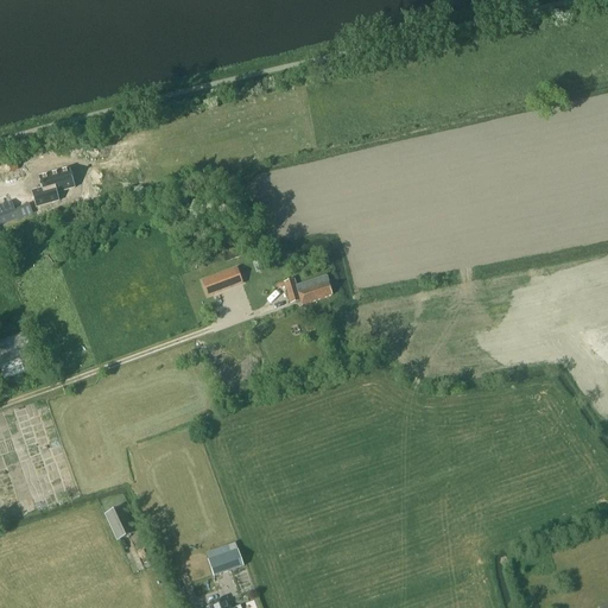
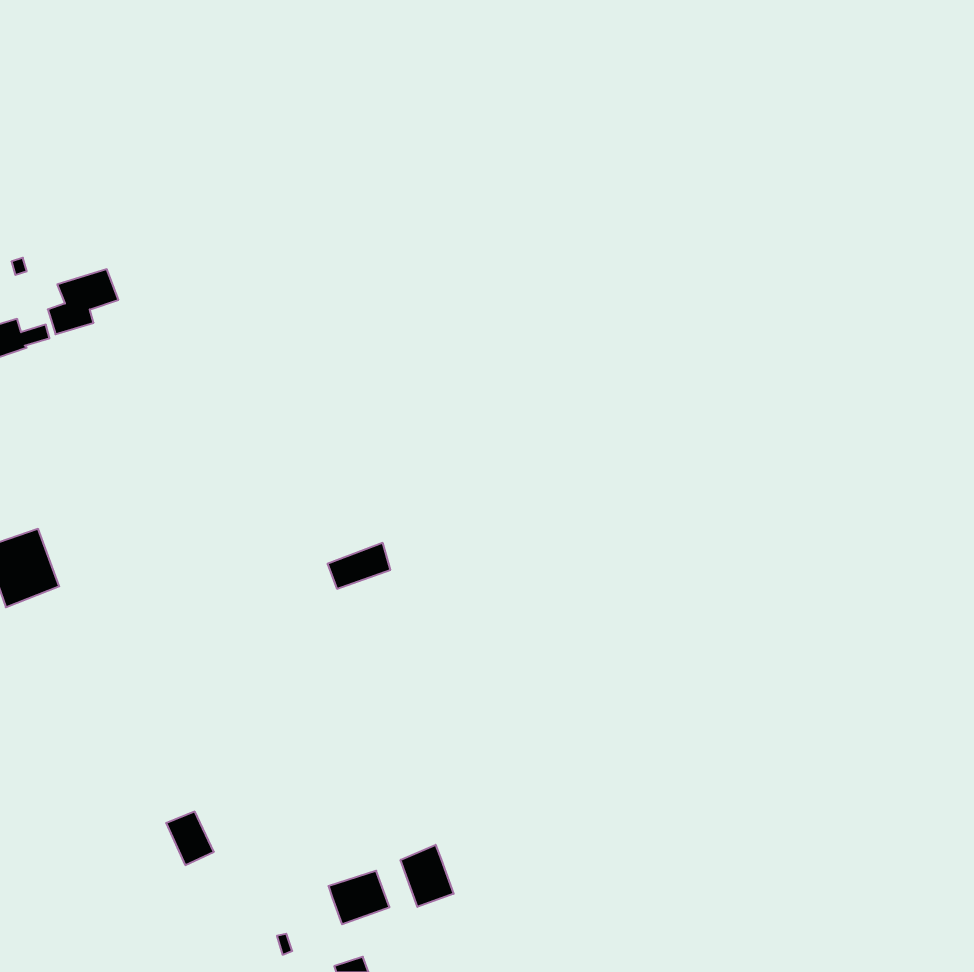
building: [202,265,241,293] -> [327,543,390,589]
building: [284,274,331,303] -> none
building: none -> [401,845,454,907]

